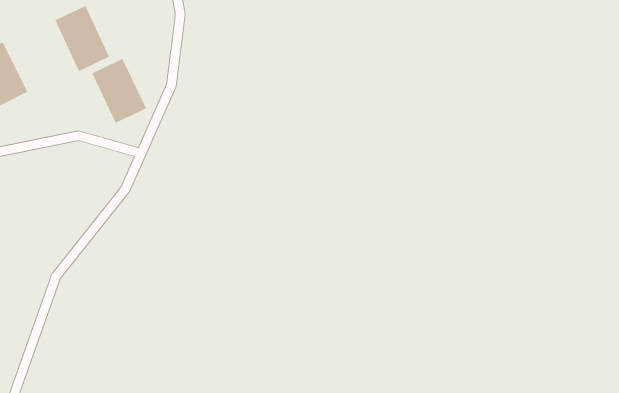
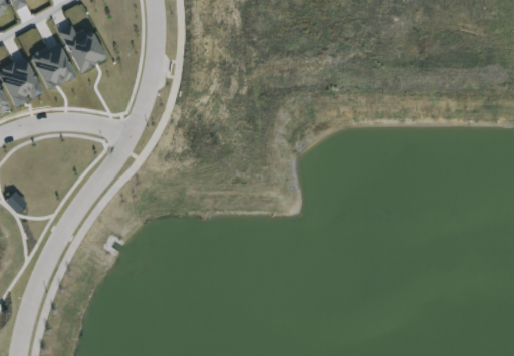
building: [91,58,147,124] -> [30,37,74,89]

